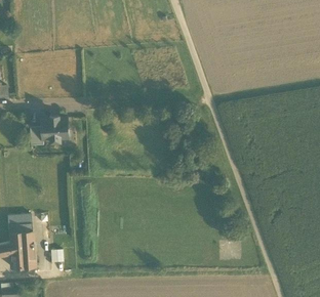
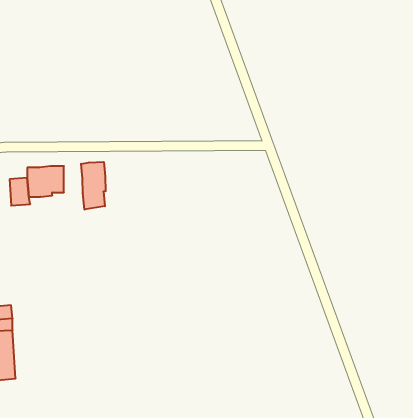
building: none -> [81,162,106,210]

